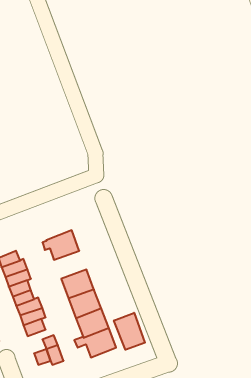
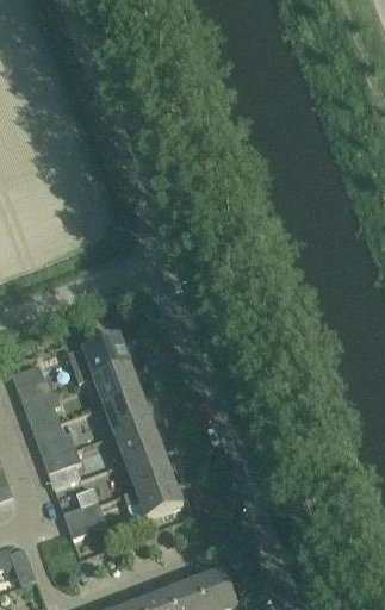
building: none -> [93,365,141,405]
building: [114,313,145,350] -> none

